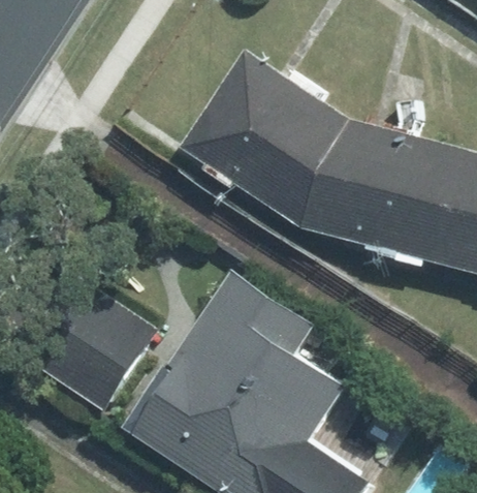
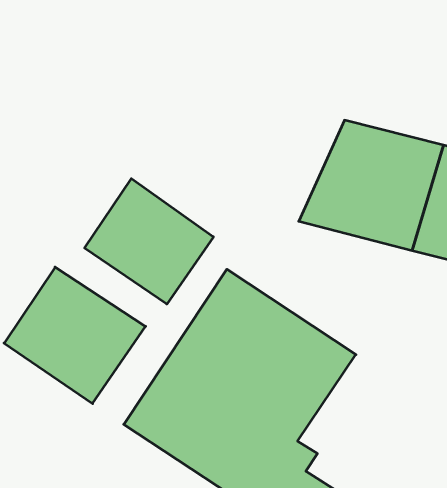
building: [187,57,350,226] -> none
building: none -> [85,179,213,304]

